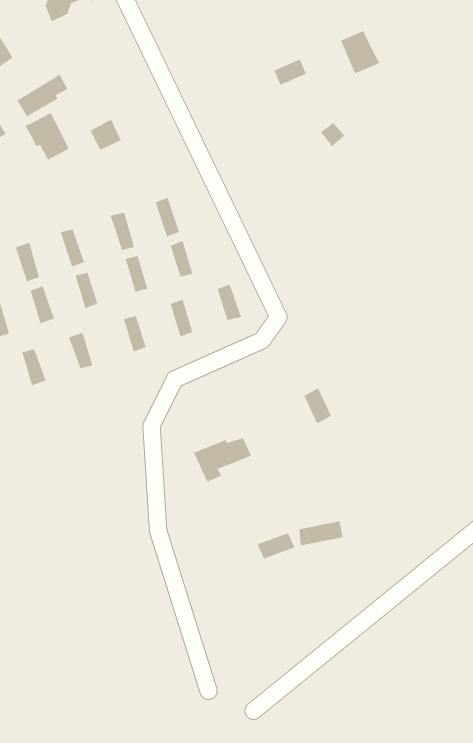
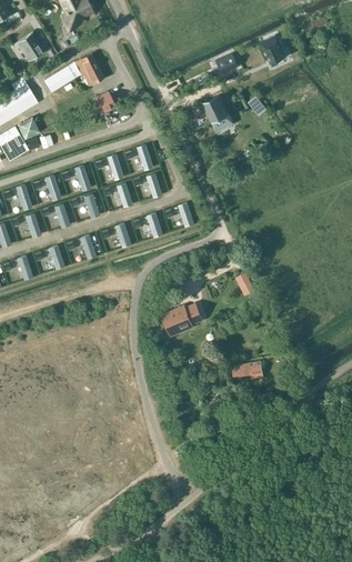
building: [25,112,70,160] -> [73,53,103,86]
building: none -> [202,94,232,131]

